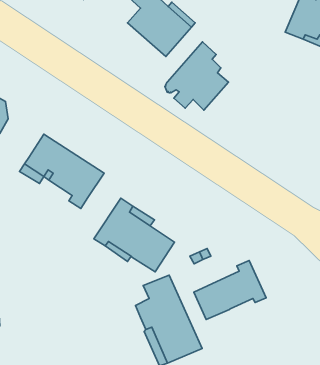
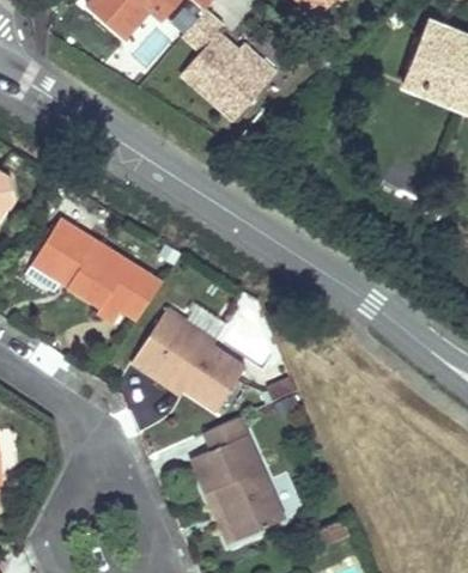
building: [165,42,229,110] -> none
building: [194,260,266,319] -> none

